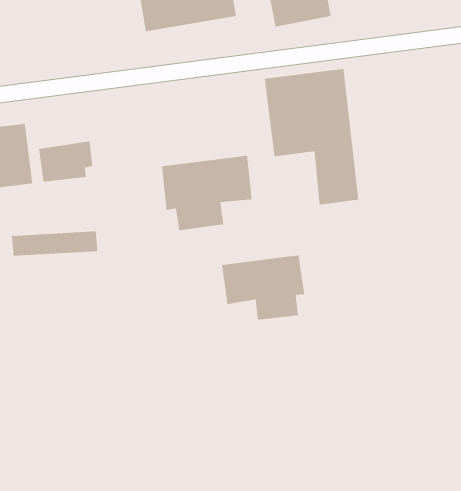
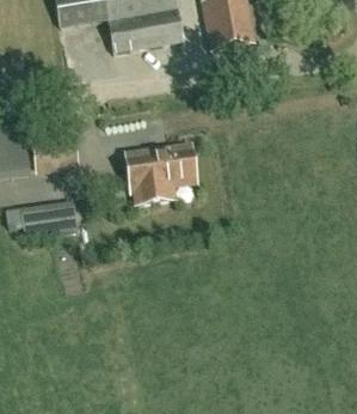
building: [264,68,359,205] -> none
building: [221,255,305,321] -> none

